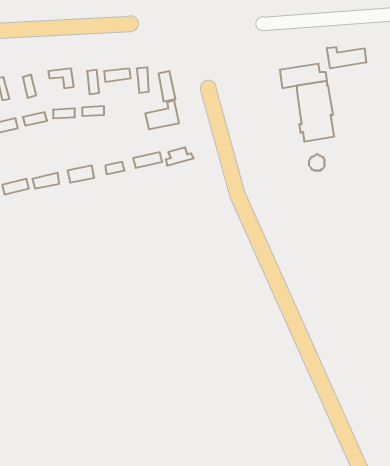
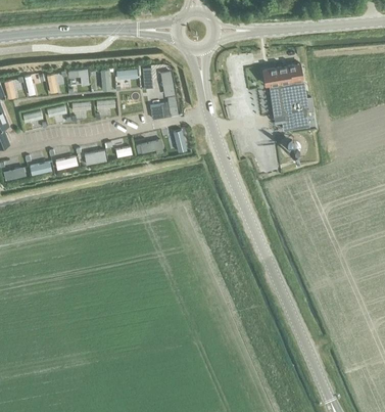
building: [327,47,366,68] -> none

